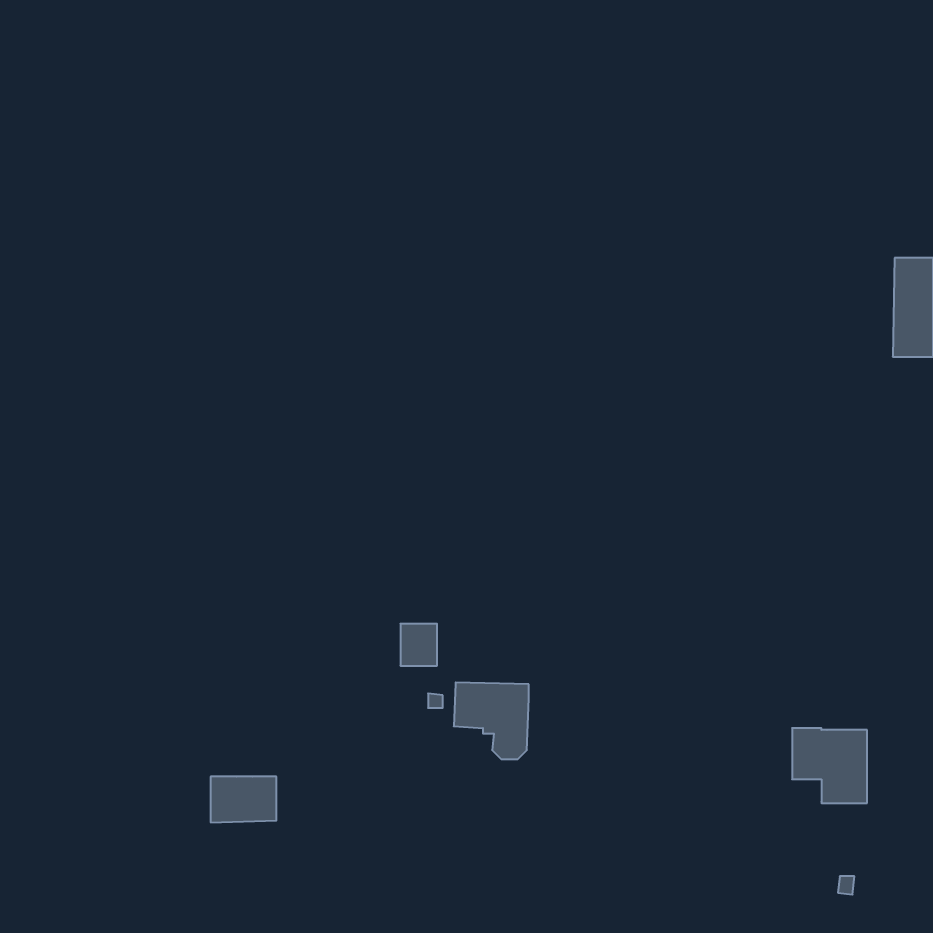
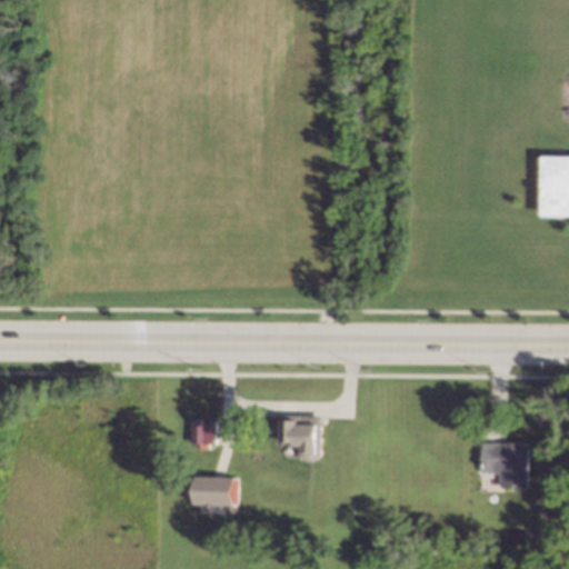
building: [400,624,437,666] -> [191,420,213,446]
building: [211,777,276,822] -> [197,478,237,506]

